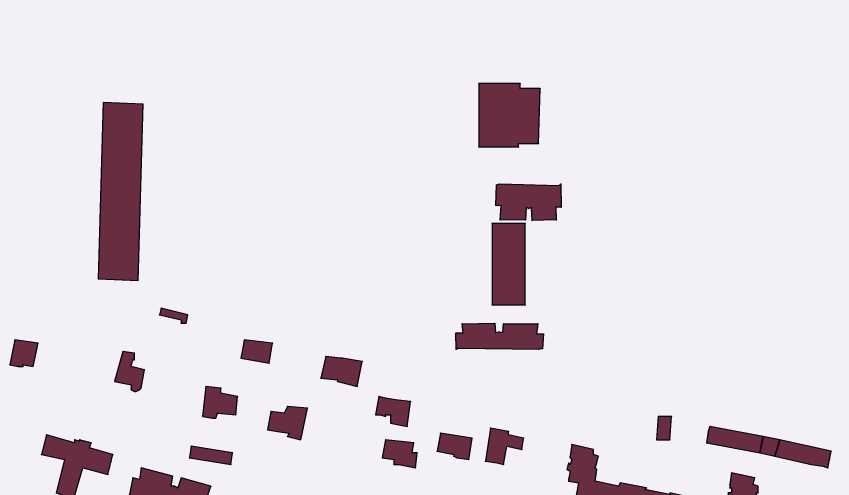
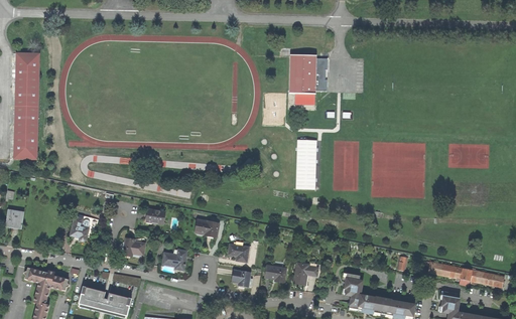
building: [98,103,143,281] -> [13,52,40,160]
building: [496,184,561,221] -> none
building: [456,323,544,349] -> none

